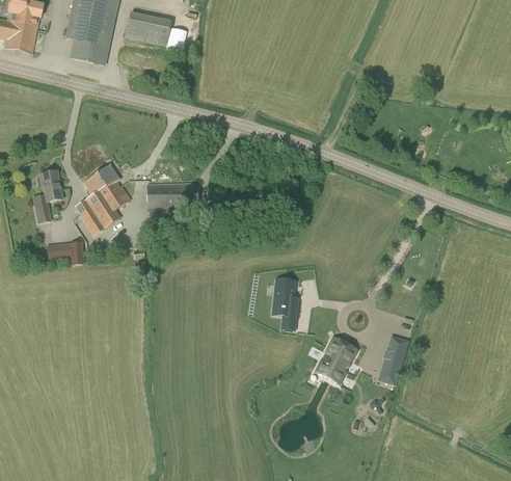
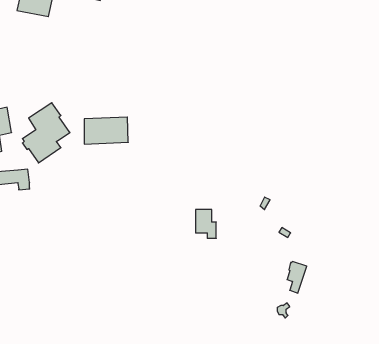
building: [315,336,356,382] -> none

